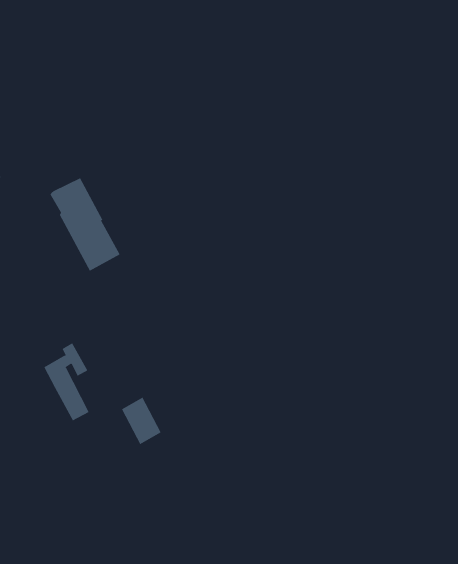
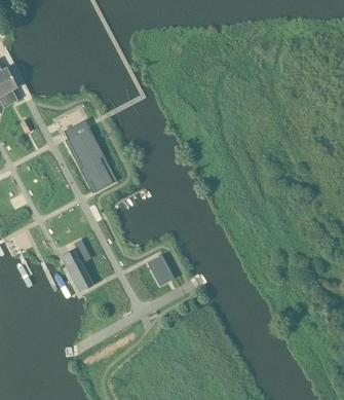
building: [121,397,161,445] -> [148,254,175,286]

